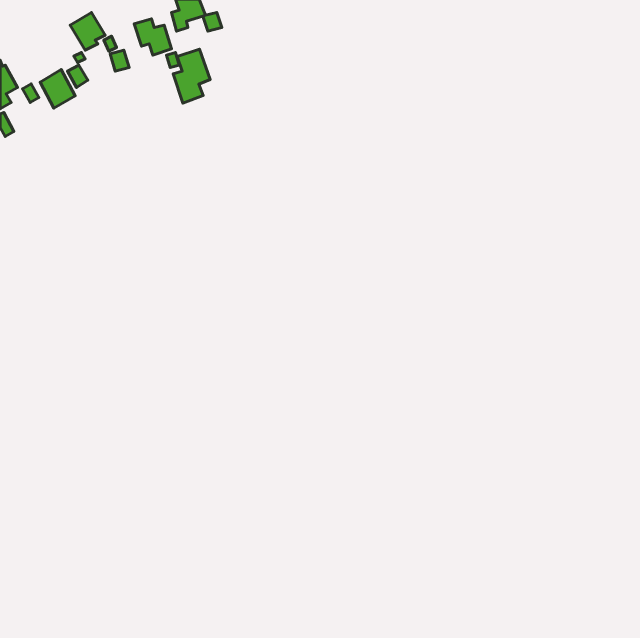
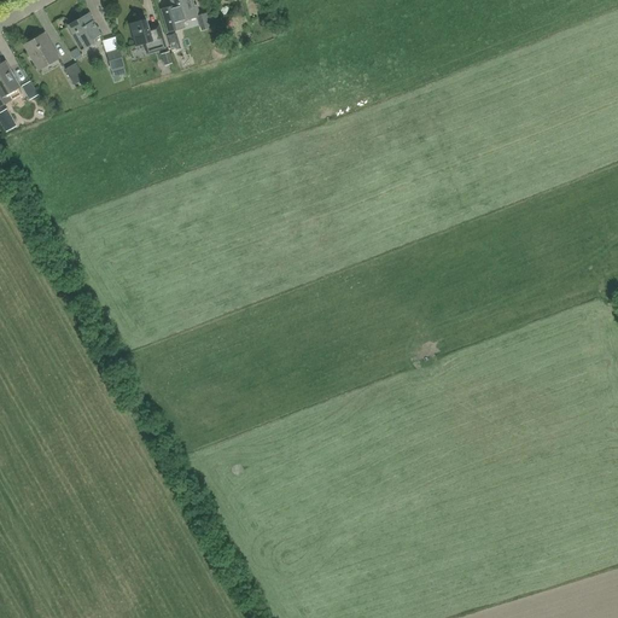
building: [173,49,210,103] -> none
building: [40,70,75,108] -> [24,31,58,69]

